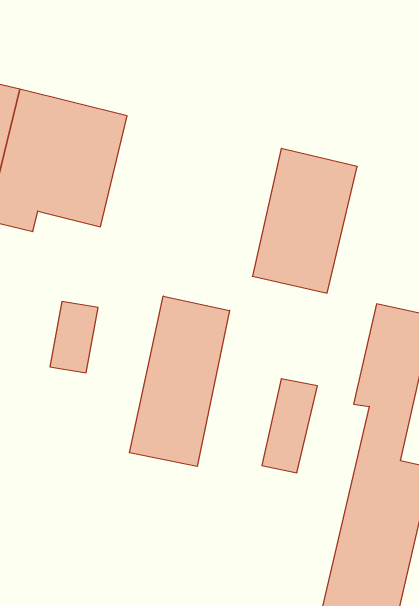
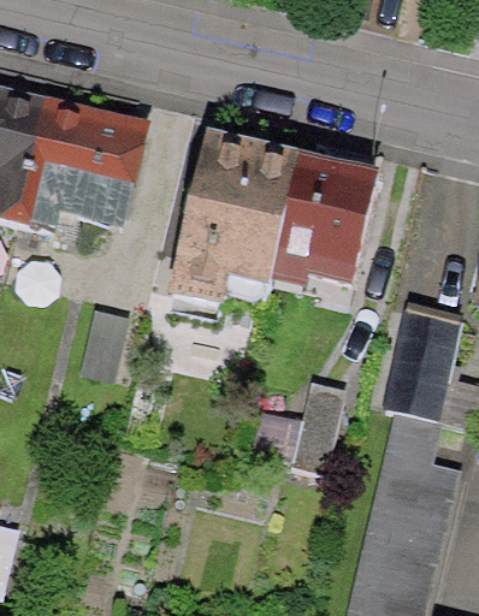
building: none -> [170,131,308,314]
building: [129,296,230,466] -> none

